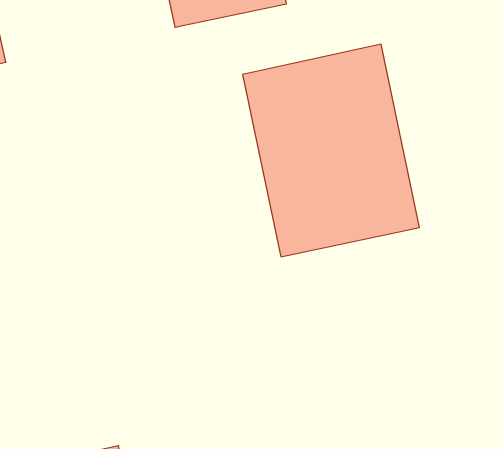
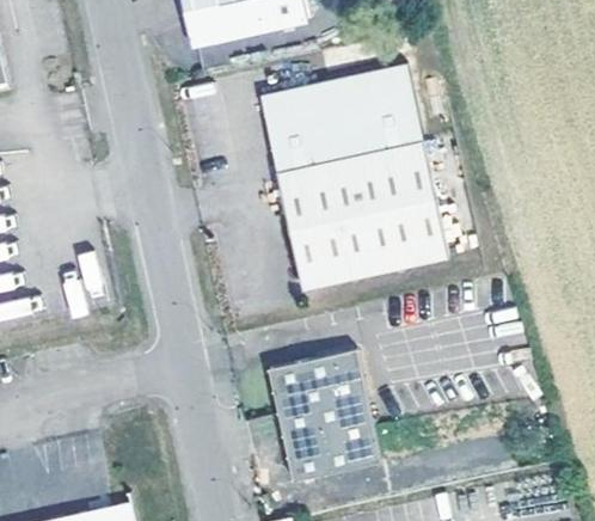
building: none -> [269,348,380,480]

